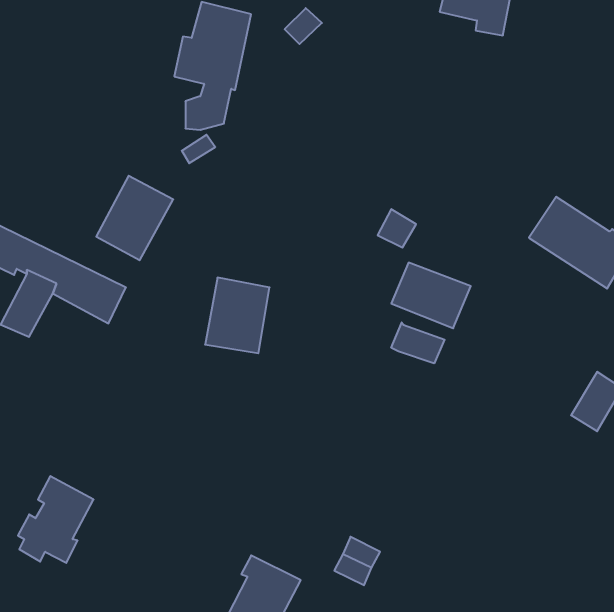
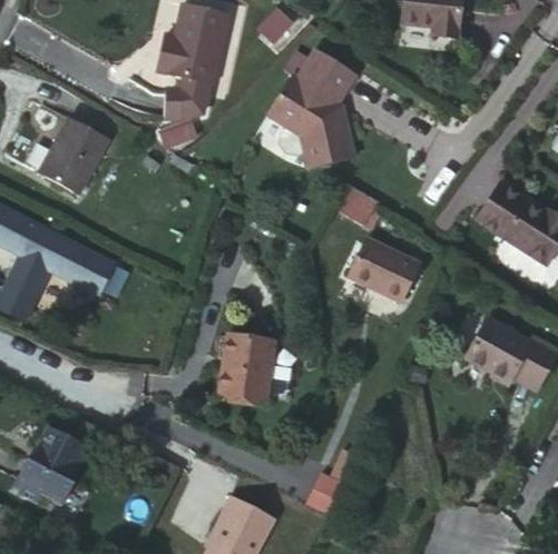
building: none -> [270,50,359,165]
building: [96,176,173,260] -> [39,119,108,195]
building: [205,278,270,353] -> [215,336,273,404]
building: [391,322,445,363] -> none
building: none -> [468,317,535,382]

